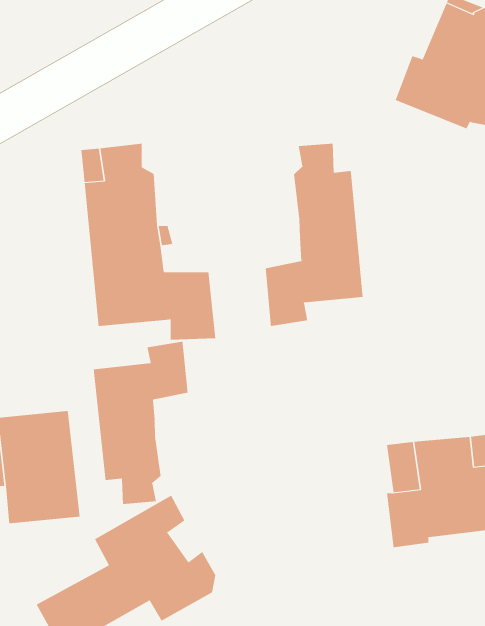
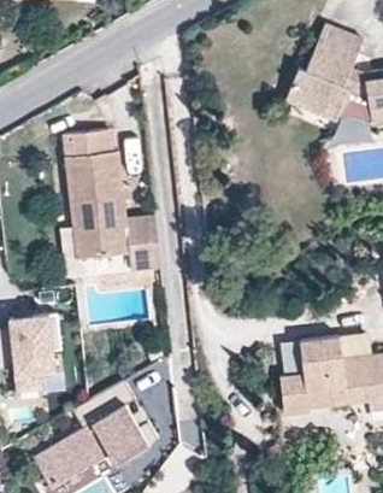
building: [265,143,363,327] -> none
building: [93,341,188,505] -> none

